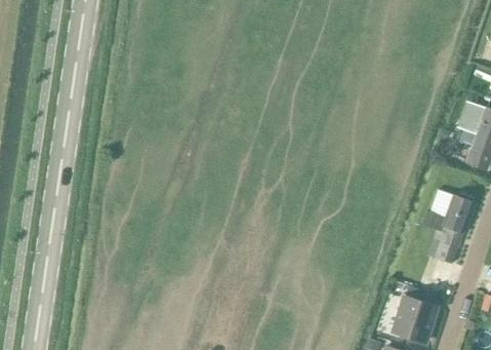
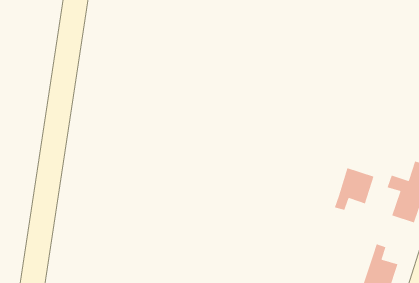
building: none -> [334,167,374,211]

